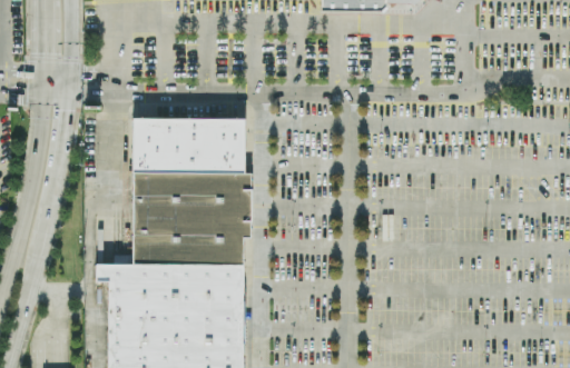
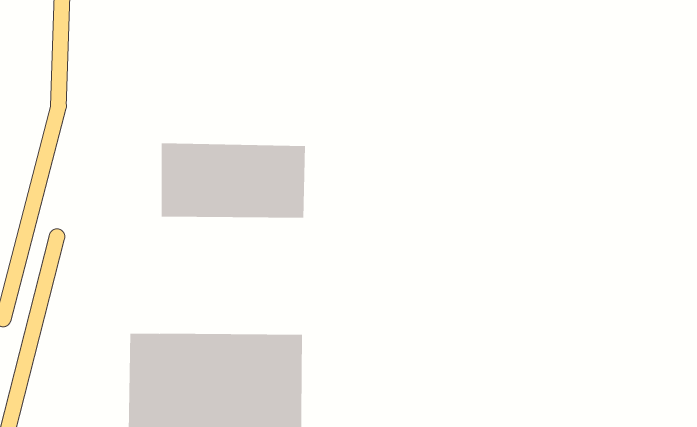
building: [132,175,246,267] -> none

